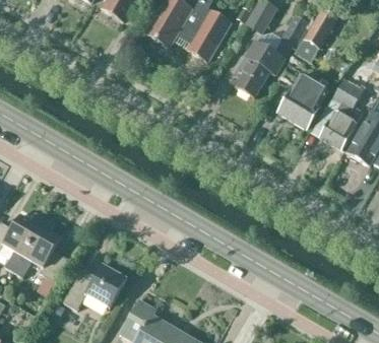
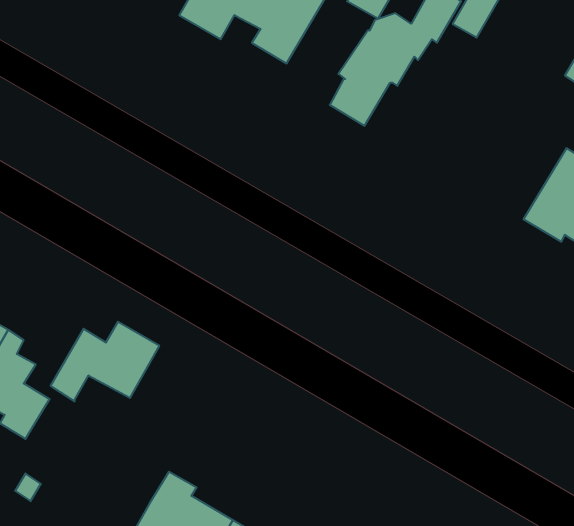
building: [278,73,328,129] -> none
building: [319,79,365,149] -> none
building: [63,264,127,311] -> [51,322,159,401]

